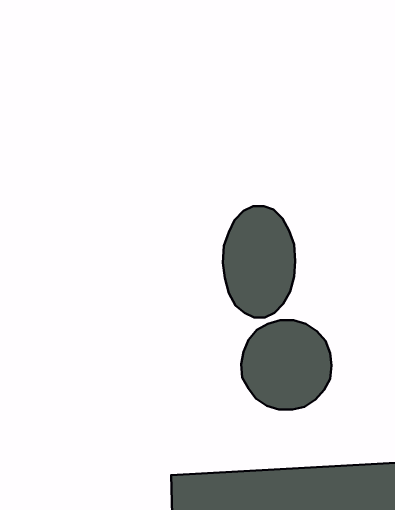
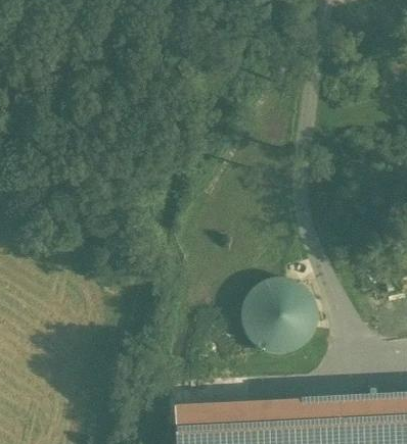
building: [223,206,295,318] -> none

